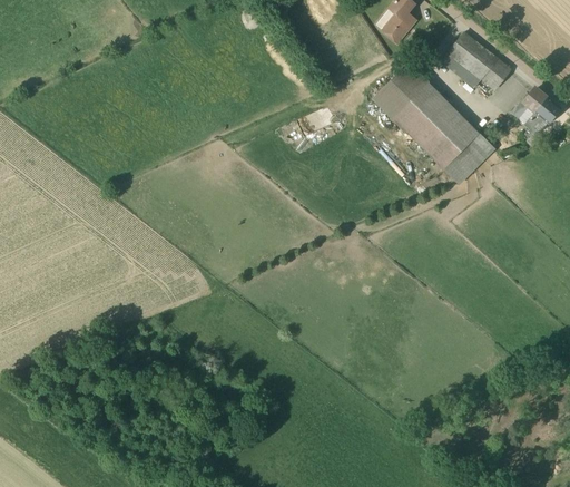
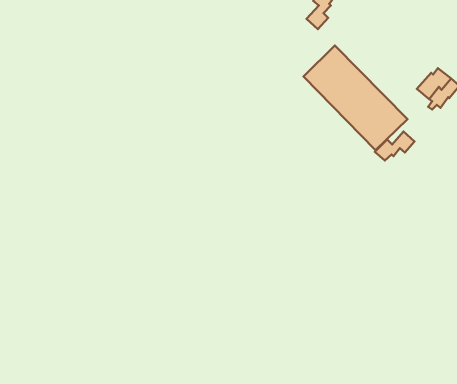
building: [445,33,508,89] -> none
building: none -> [375,132,415,161]

